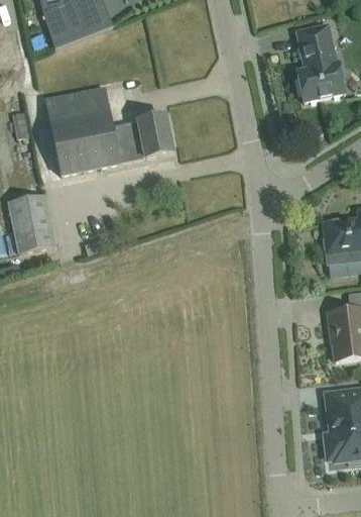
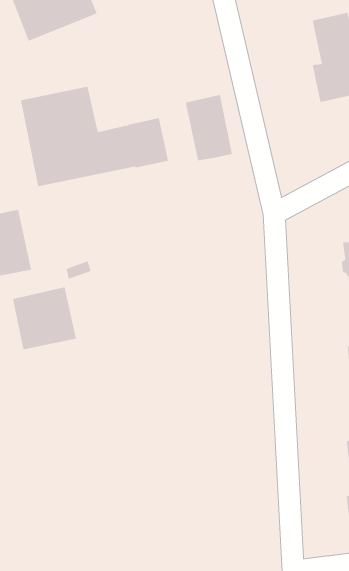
building: none -> [185,94,233,161]
building: none -> [13,286,77,350]

